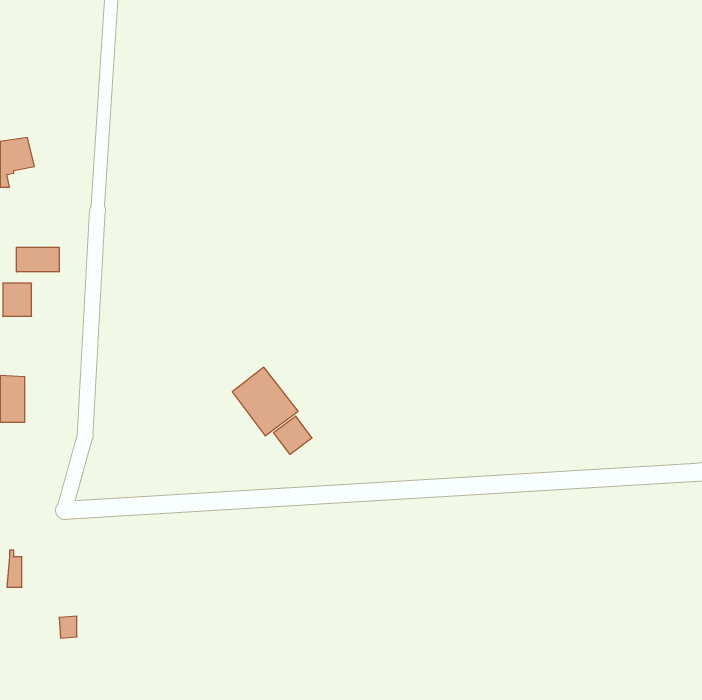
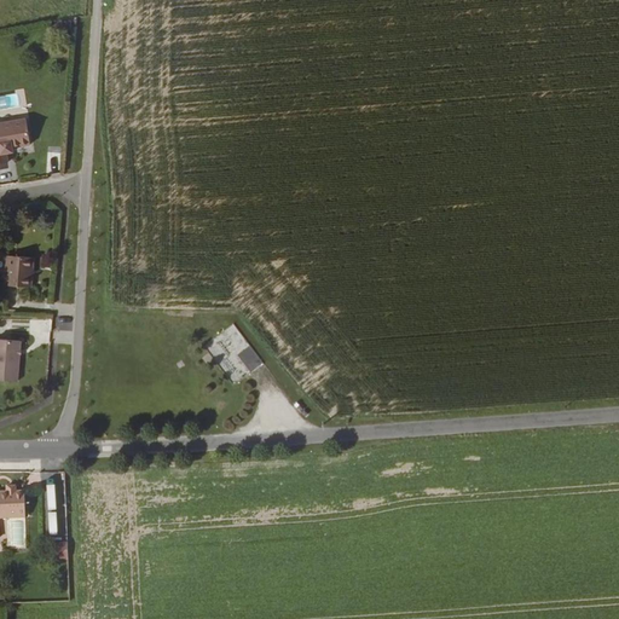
building: [17,247,59,272] -> none
building: [274,416,312,454] -> none

